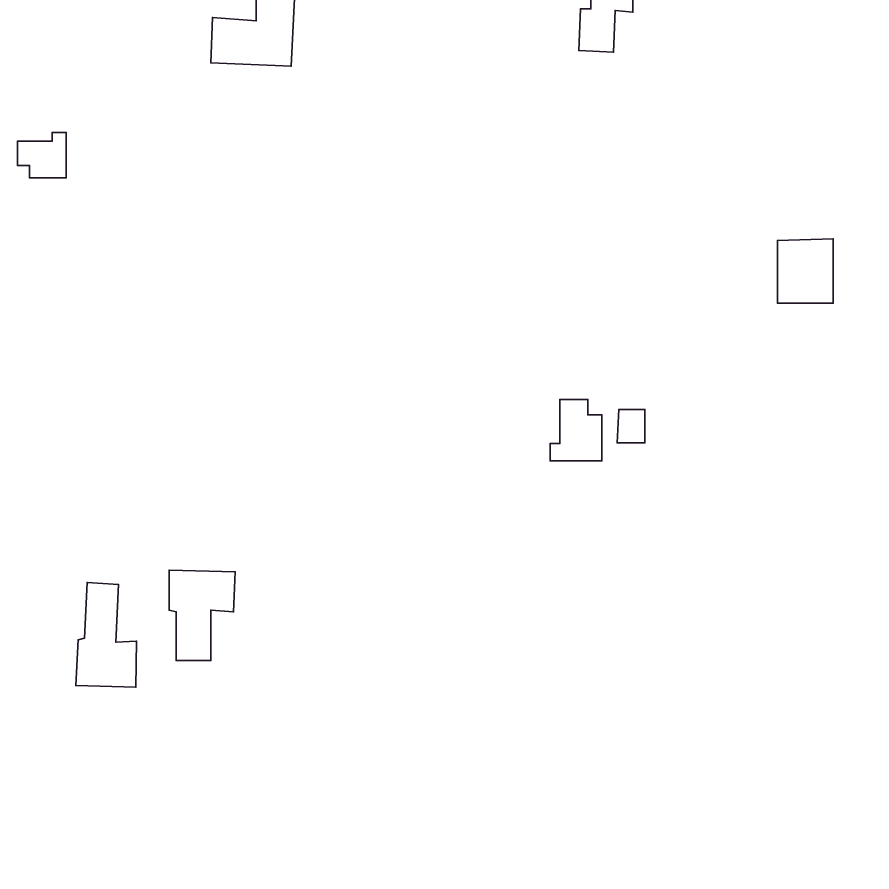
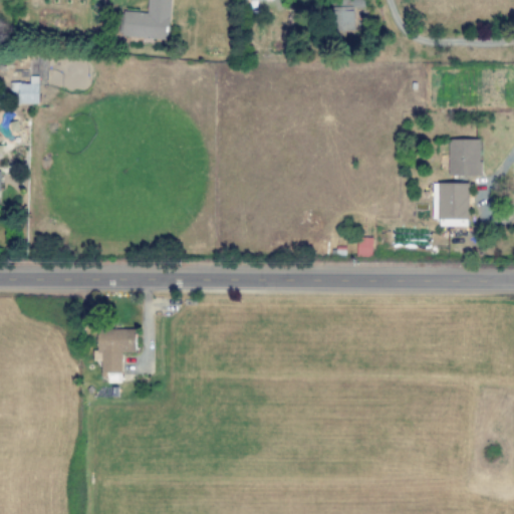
building: none -> [433,182,470,225]
building: [550,400,602,461] -> none
building: [76,583,136,687] -> none

